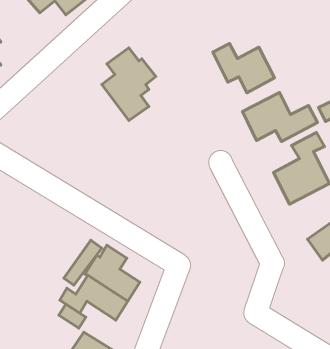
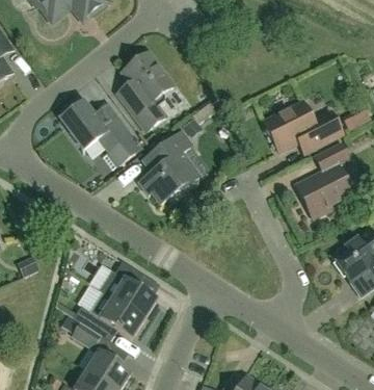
building: [213,44,274,93] -> none
building: none -> [61,102,144,168]
building: none -> [139,132,199,204]

